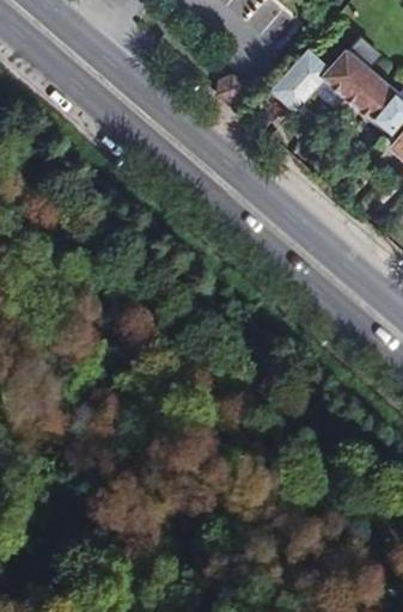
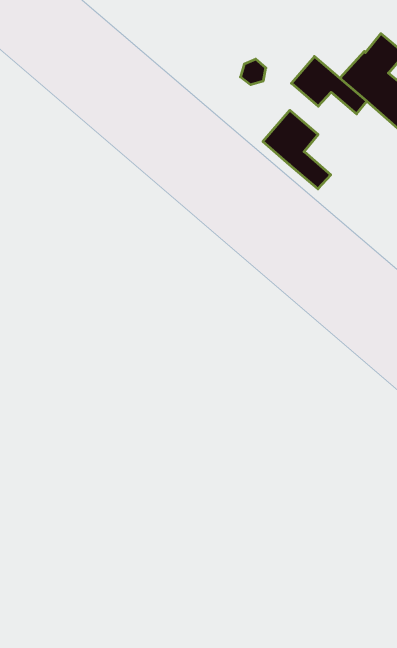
building: none -> [263,110,331,189]

